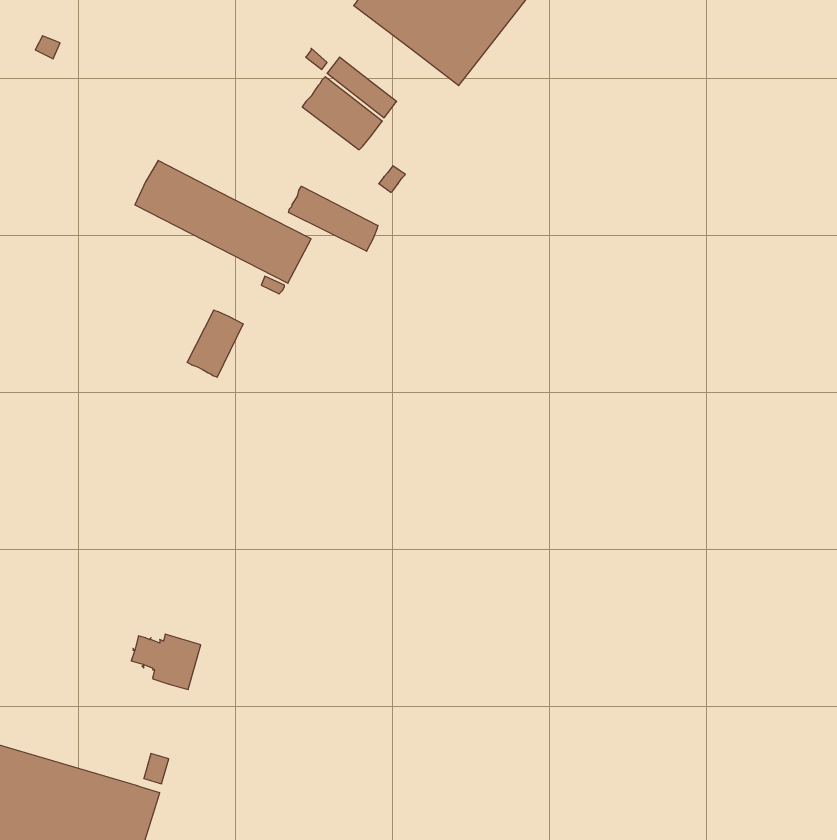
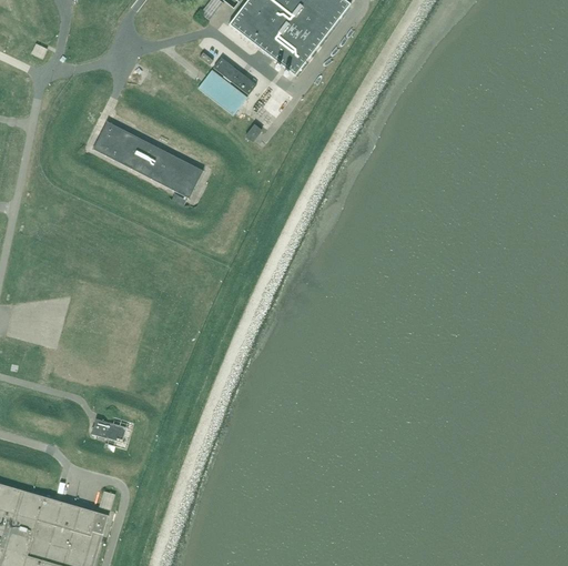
building: [289,186,378,251] -> none
building: [187,310,243,377] -> none

